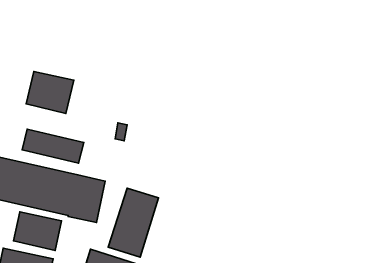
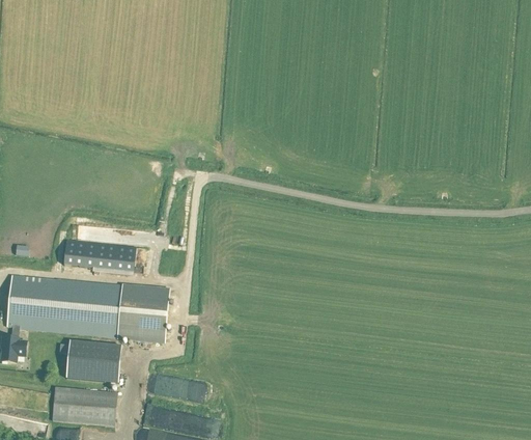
building: [26,71,74,113] -> none
building: [108,188,158,257] -> none

